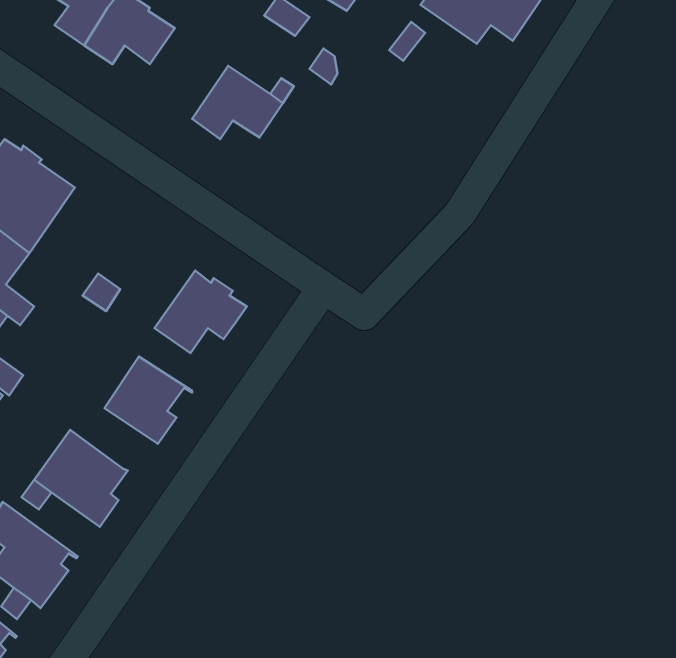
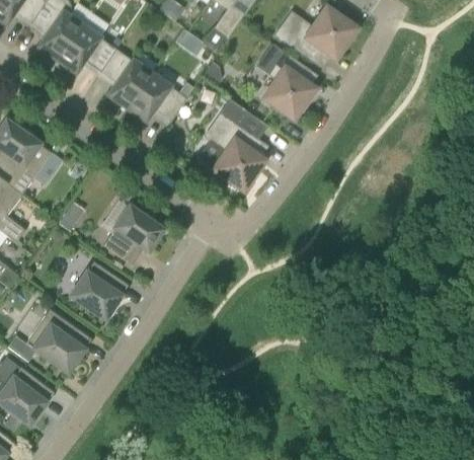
building: none -> [99,49,150,107]
building: none -> [264,52,312,118]
building: none -> [205,98,266,190]

